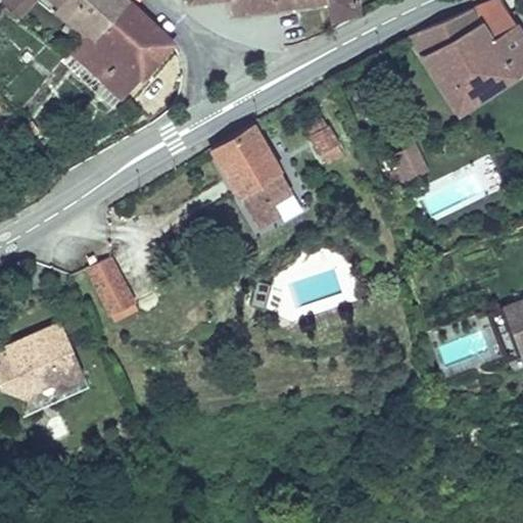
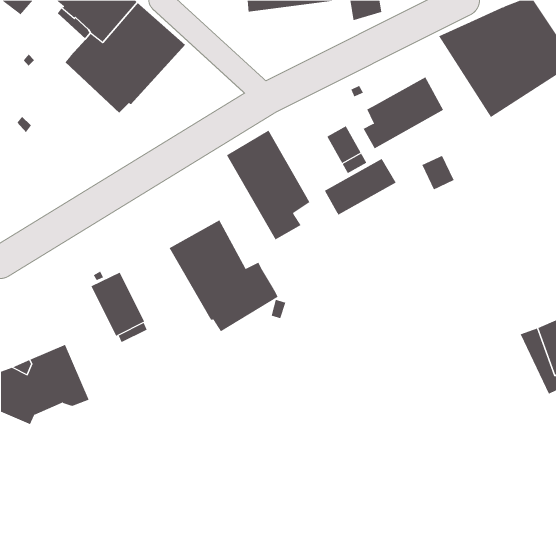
building: none -> [363,76,444,149]
building: none -> [324,158,397,216]
building: none -> [169,220,279,332]

